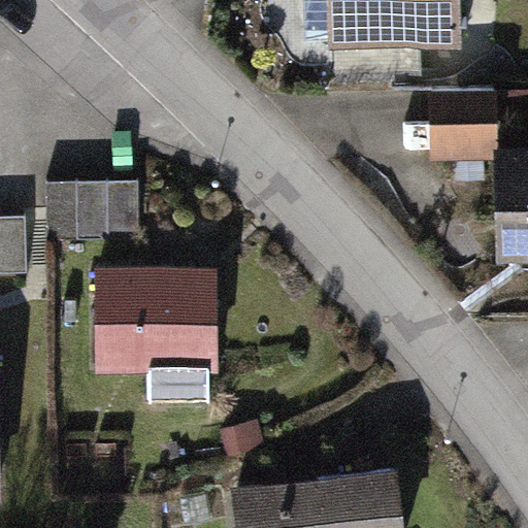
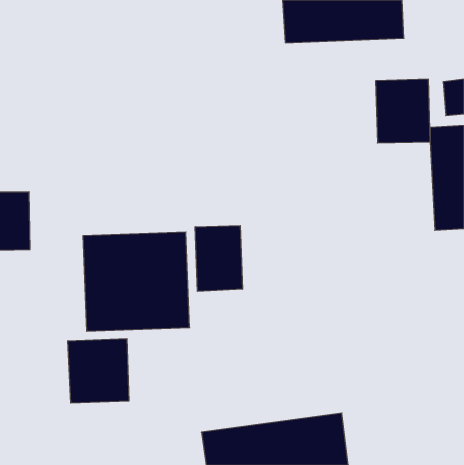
building: [48,179,144,243] -> none
building: none -> [195,226,242,291]
building: none -> [68,339,129,403]

